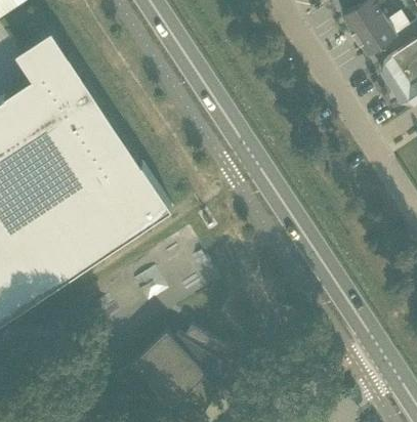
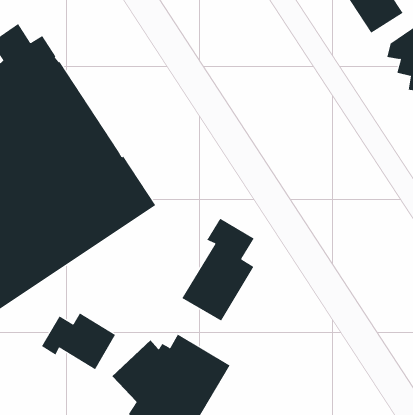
building: none -> [182,218,254,321]
building: none -> [41,313,116,370]

